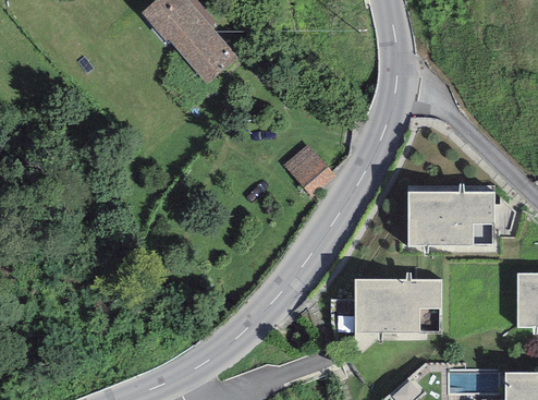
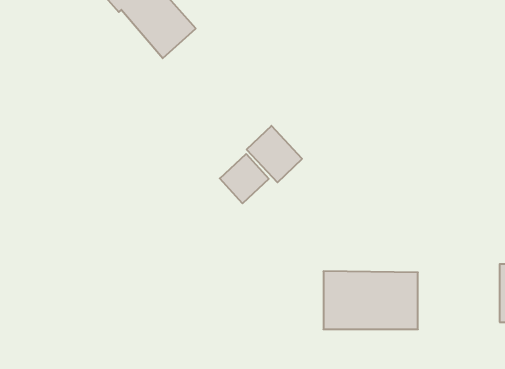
building: none -> [220,154,269,203]
building: [407,192,492,244] -> none

